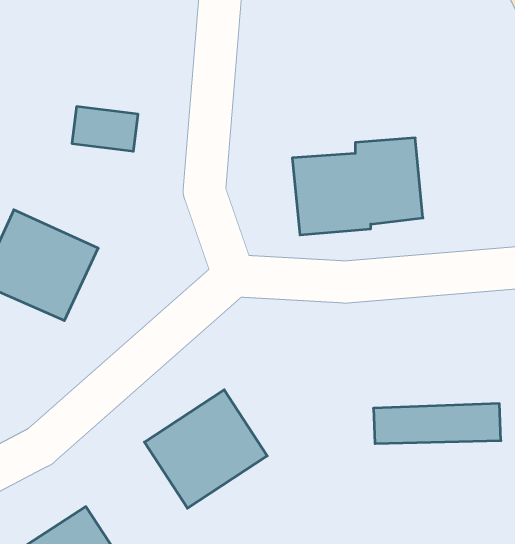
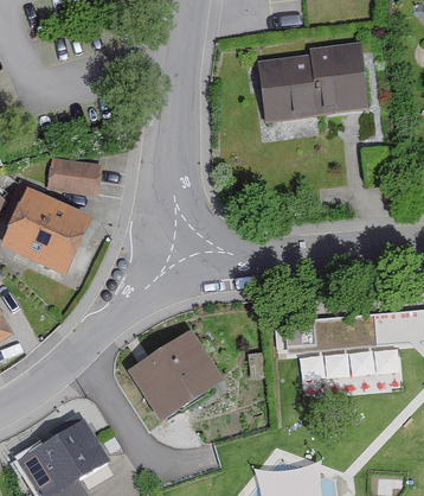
building: [72,107,138,151] -> [50,158,101,192]
building: [292,138,423,235] -> [265,42,366,116]

